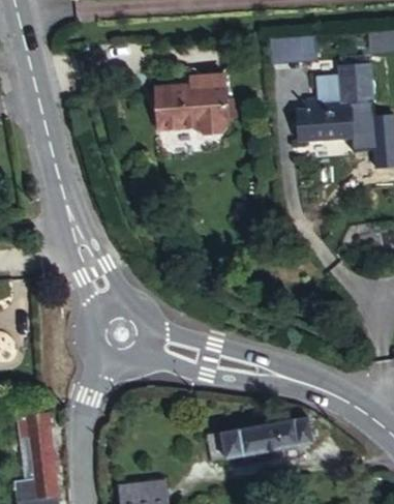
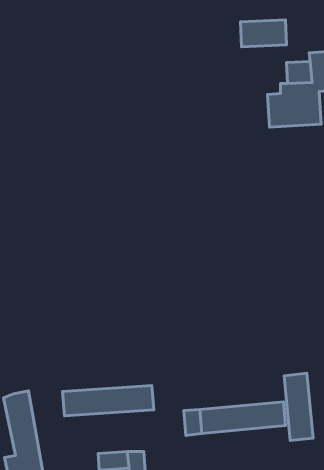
building: [153,69,228,130] -> none
building: none -> [284,373,313,441]
building: none -> [63,386,154,416]

